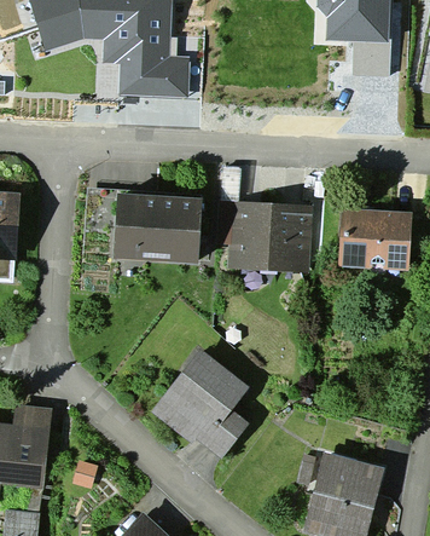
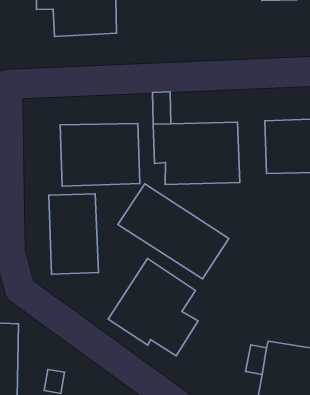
building: none -> [118,184,229,279]
building: none -> [49,194,99,274]

